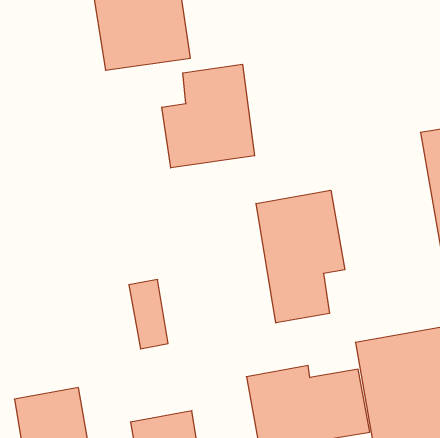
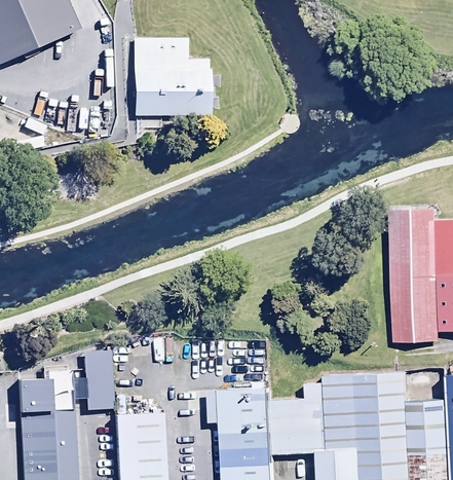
building: [162,64,255,168] -> none
building: [256,190,345,323] -> none
building: [129,280,168,349] -> [88,355,114,410]

